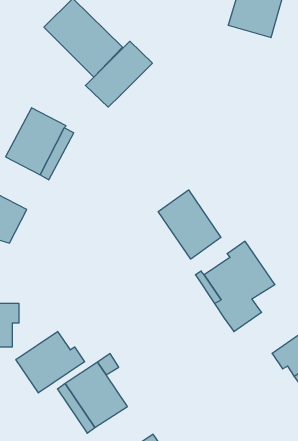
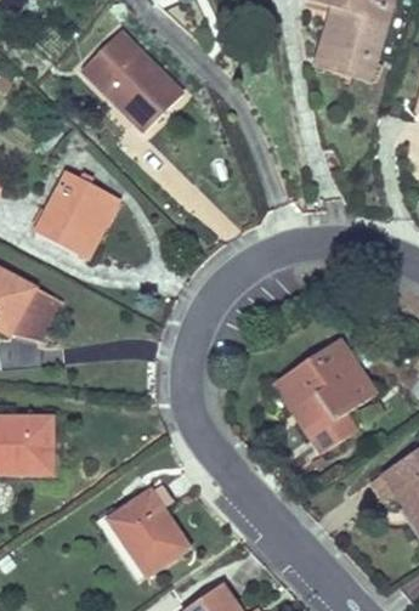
building: [85,41,152,107] -> none
building: [158,190,221,259] -> none
building: [16,331,85,393] -> none

